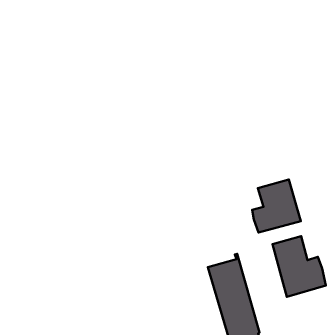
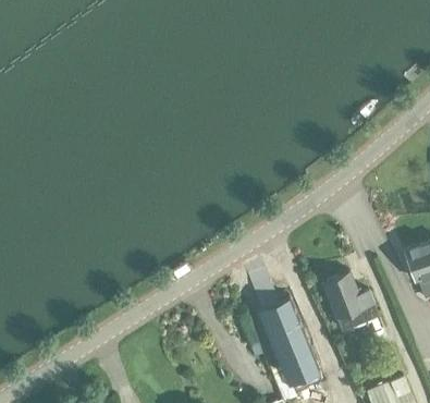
building: [252,180,301,232] -> none

